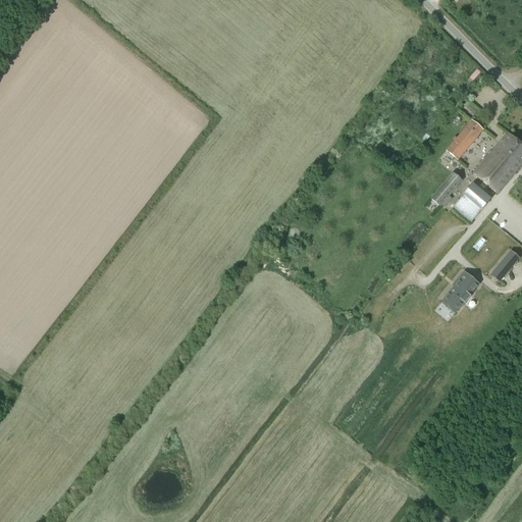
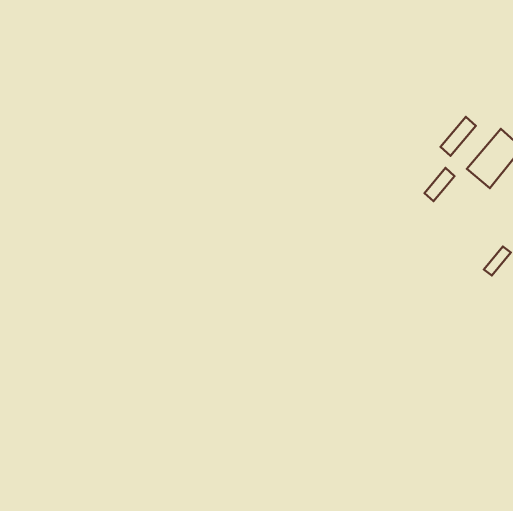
building: [454,182,489,219] -> none
building: [445,271,479,308] -> none

